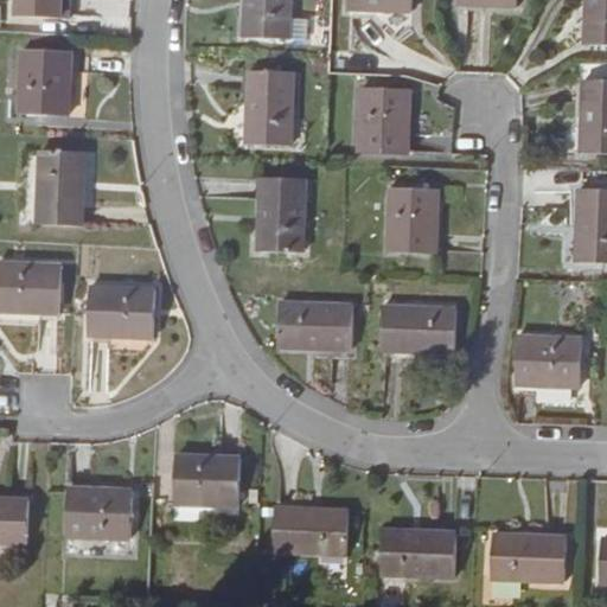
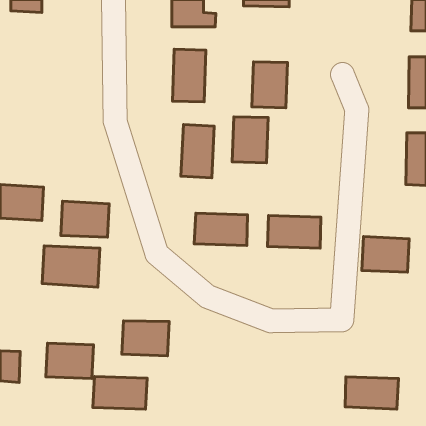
building: [19,49,71,116] -> none
building: [37,151,84,225] -> none
building: [386,189,437,254] -> [232,117,268,163]
building: none -> [42,246,100,287]
building: [271,507,349,554] -> [93,377,147,409]
building: [381,530,456,576] -> none

